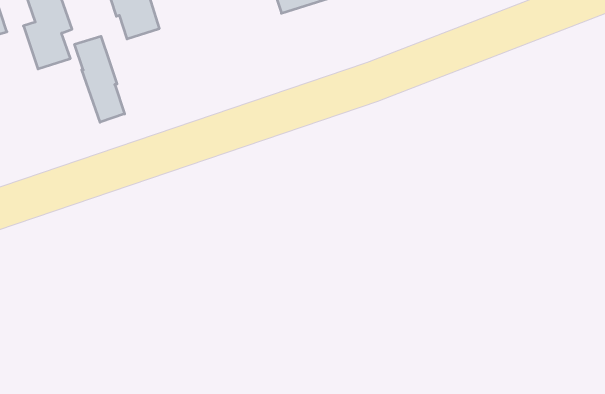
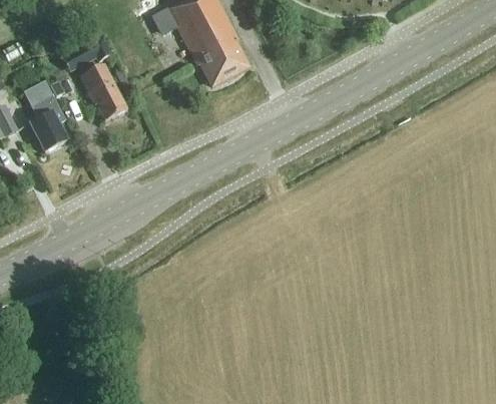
building: [75,36,125,122] -> none

